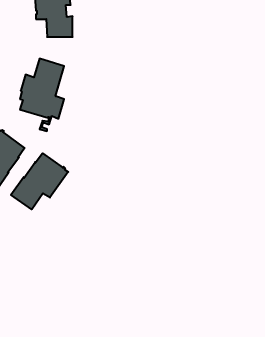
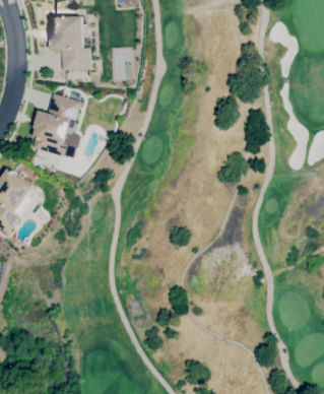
building: [11,153,68,209] -> none

